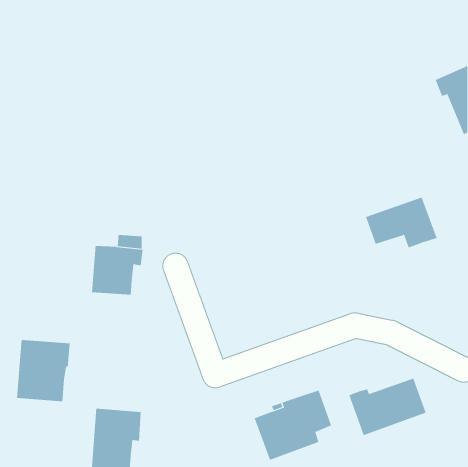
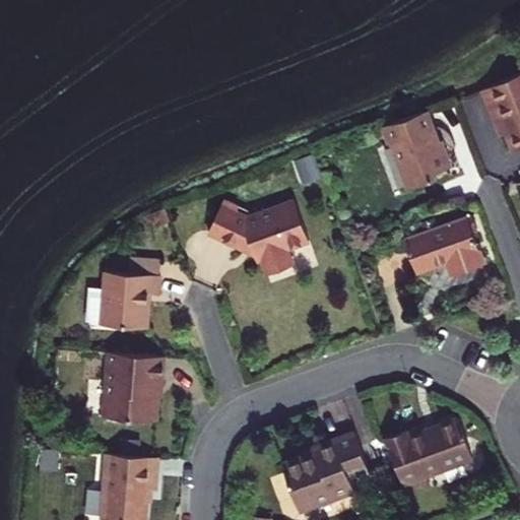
building: none -> [382,114,449,189]
building: none -> [208,202,308,277]
building: [16,339,70,402] -> [103,353,162,422]

